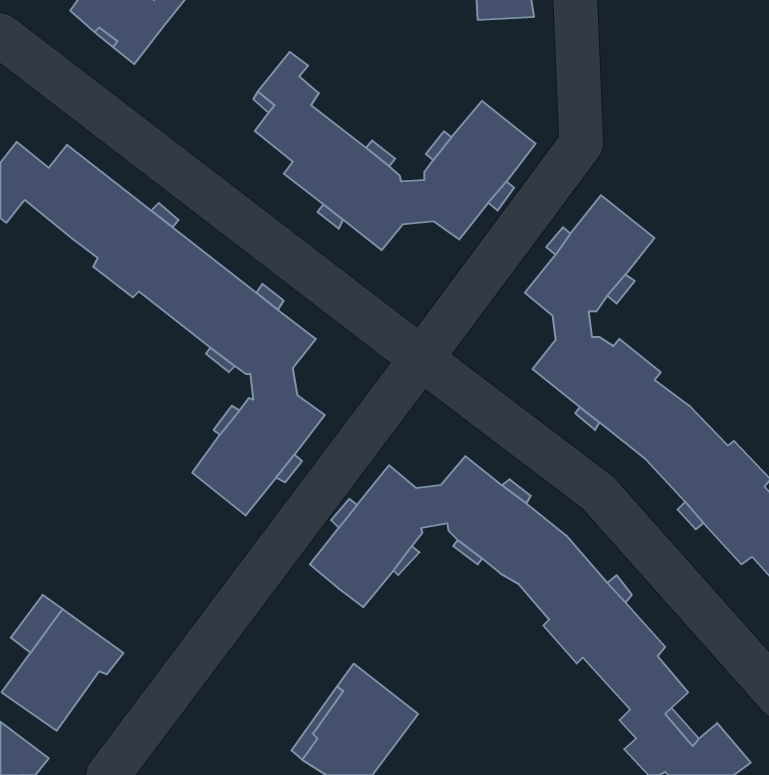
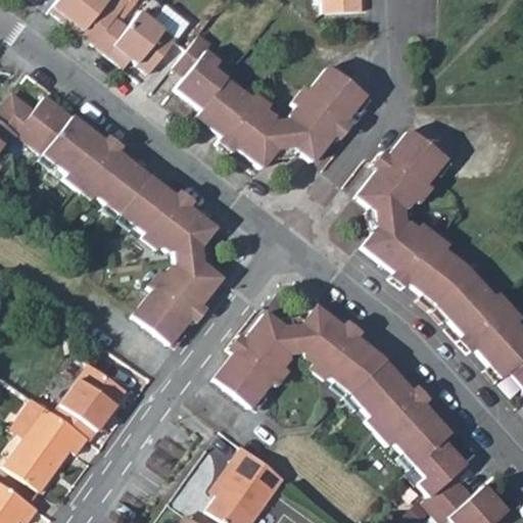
building: none -> [97,11,178,73]
building: none -> [57,364,129,439]

